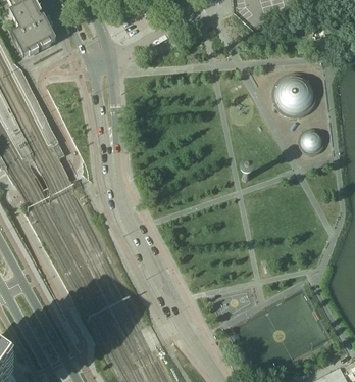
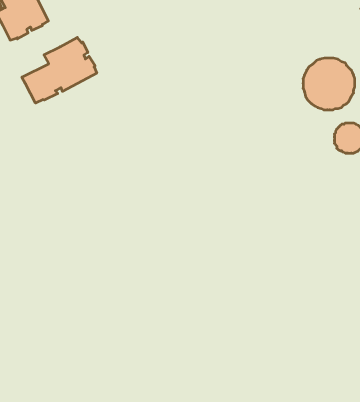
building: none -> [22,37,97,103]

